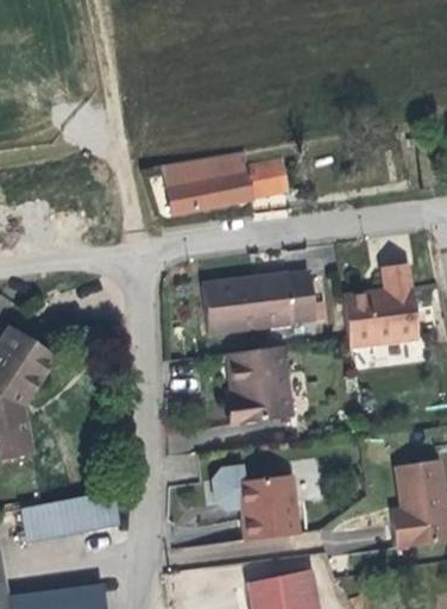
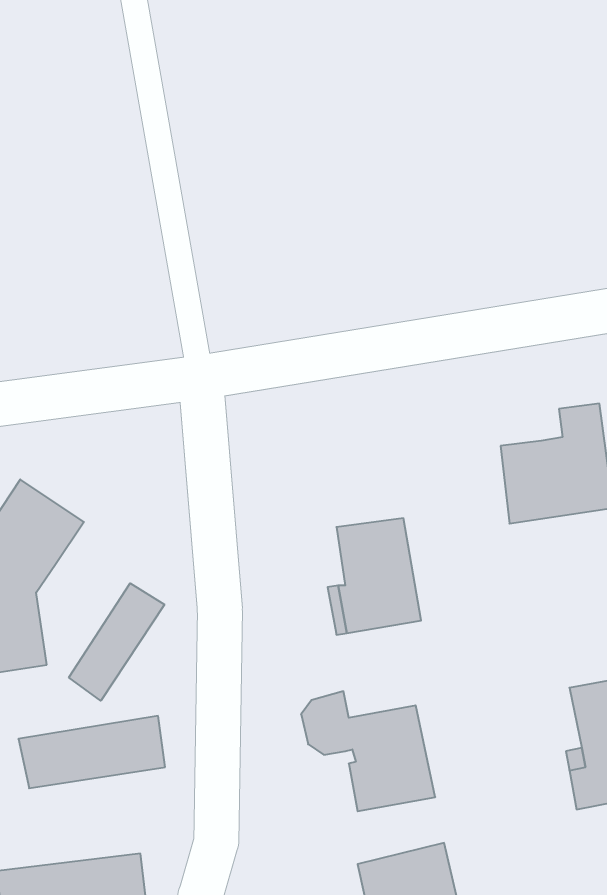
building: [170,153,291,212] -> none
building: [199,270,313,338] -> none
building: none -> [69,583,164,701]

